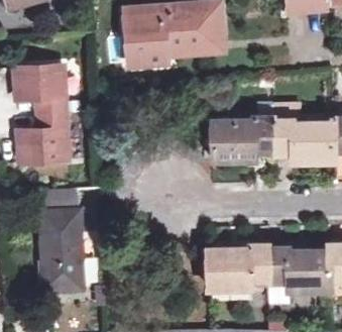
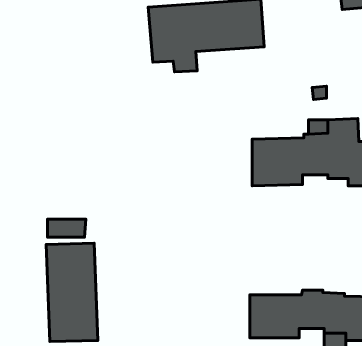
building: [13,65,66,162] -> none

